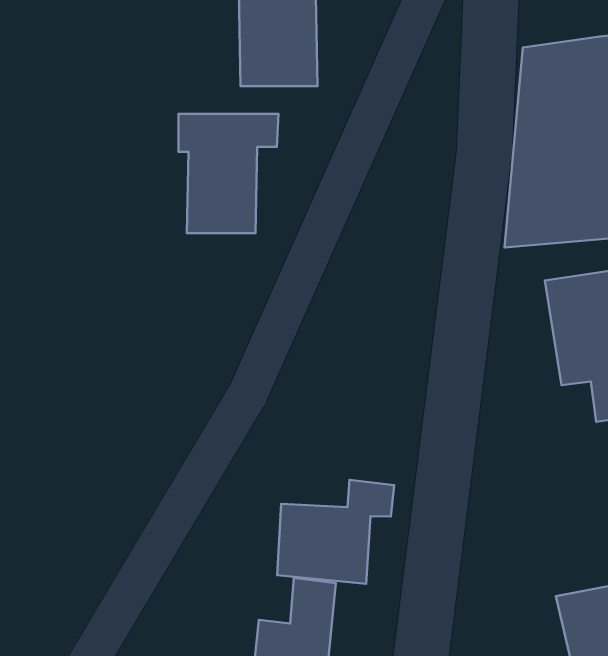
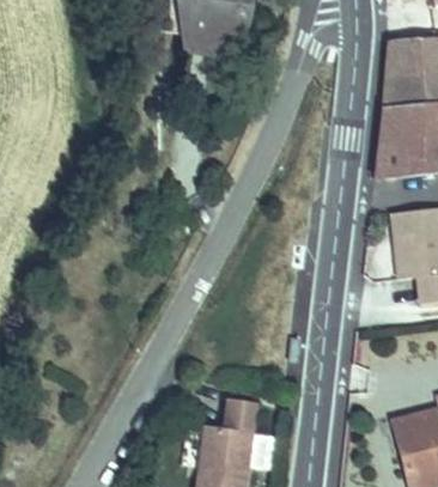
building: [179,114,278,233] -> none
building: [277,480,394,584] -> none

